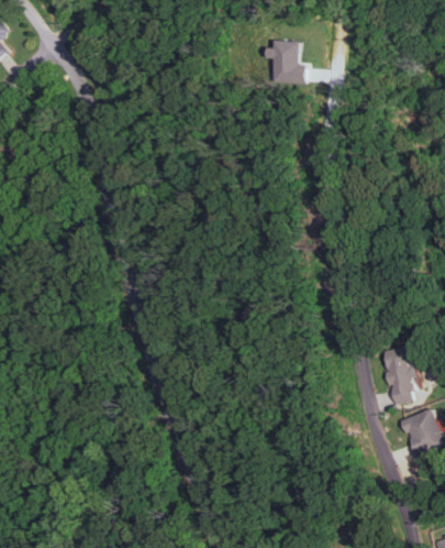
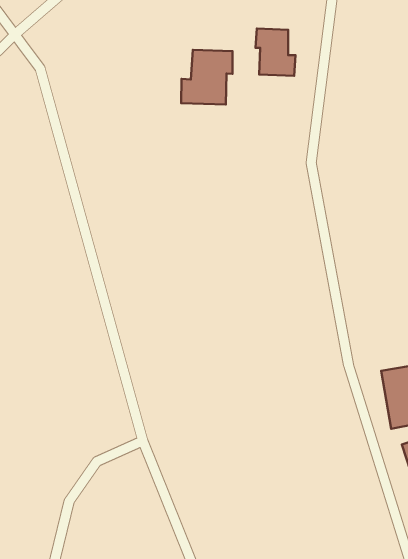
building: none -> [181,50,233,105]

